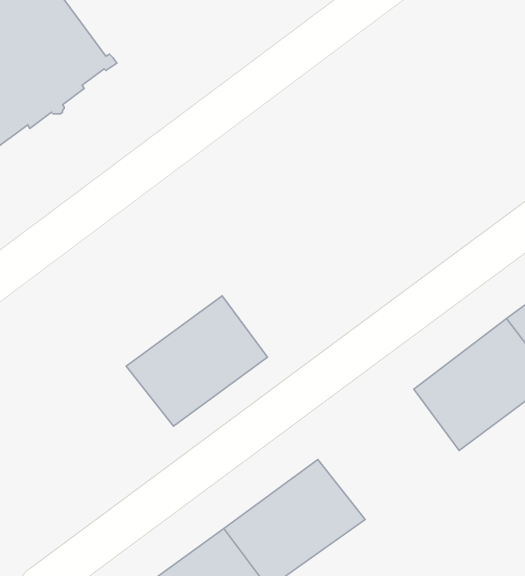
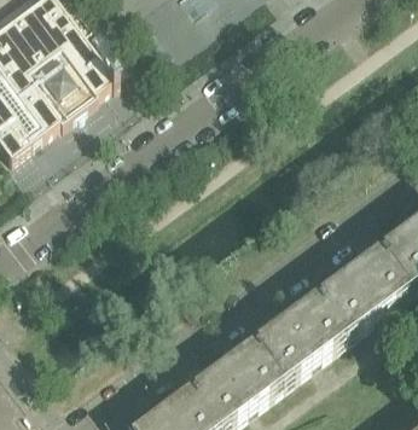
building: [126,296,268,426] -> [249,296,343,383]

